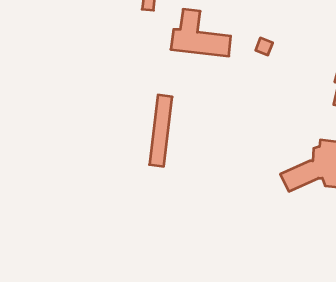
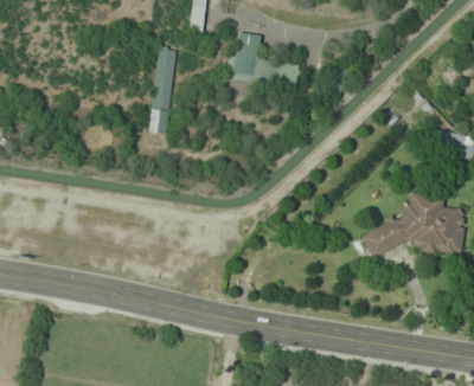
building: [149,95,172,166] -> [148,46,177,135]

